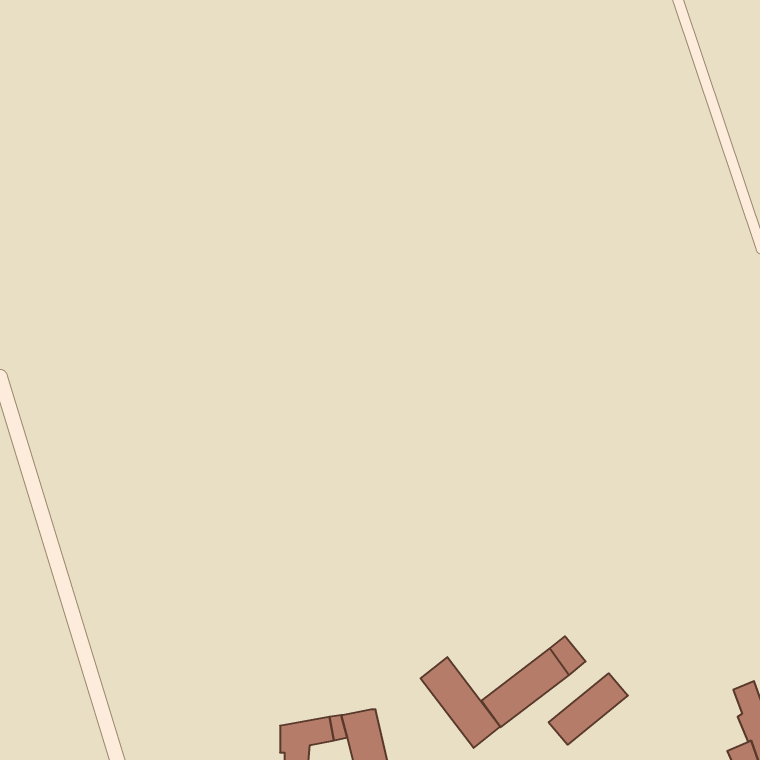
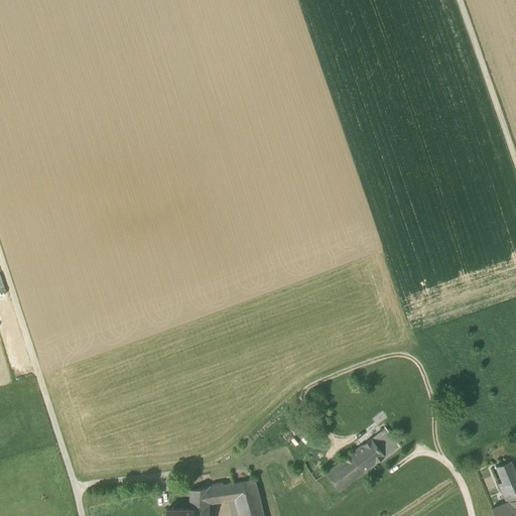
building: [421,657,500,748] -> none
building: [549,673,628,745] -> none

